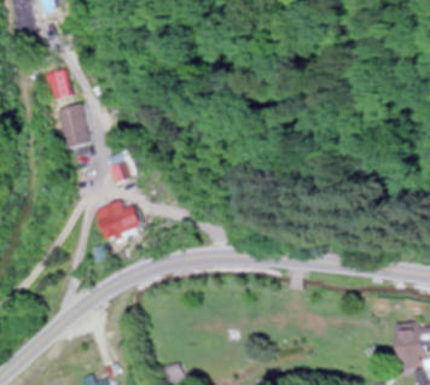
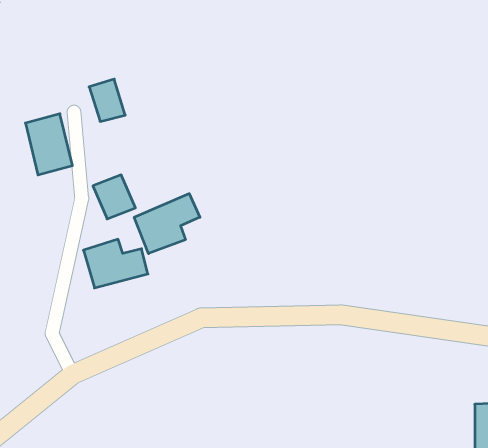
building: [43,70,71,103] -> [89,79,125,121]
building: none -> [134,194,200,254]

